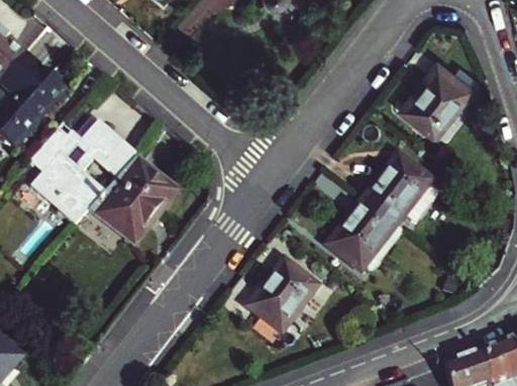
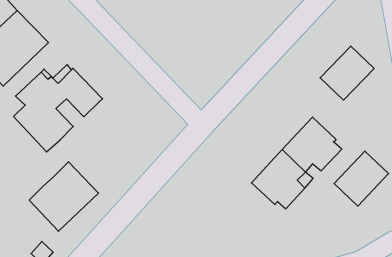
building: [89,161,174,248] -> [29,162,99,231]
building: none -> [334,151,389,206]
building: [248,261,317,332] -> none

